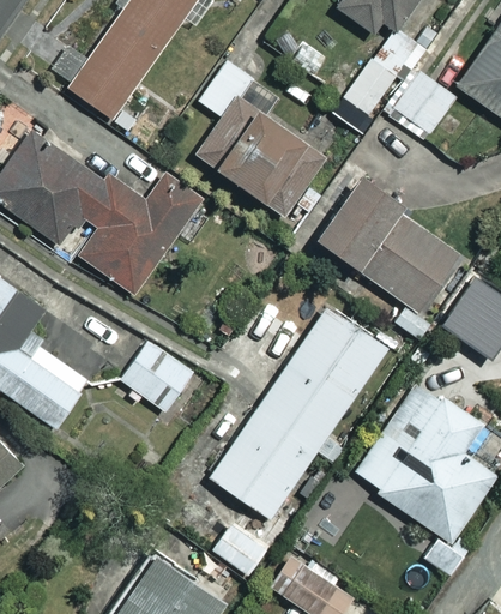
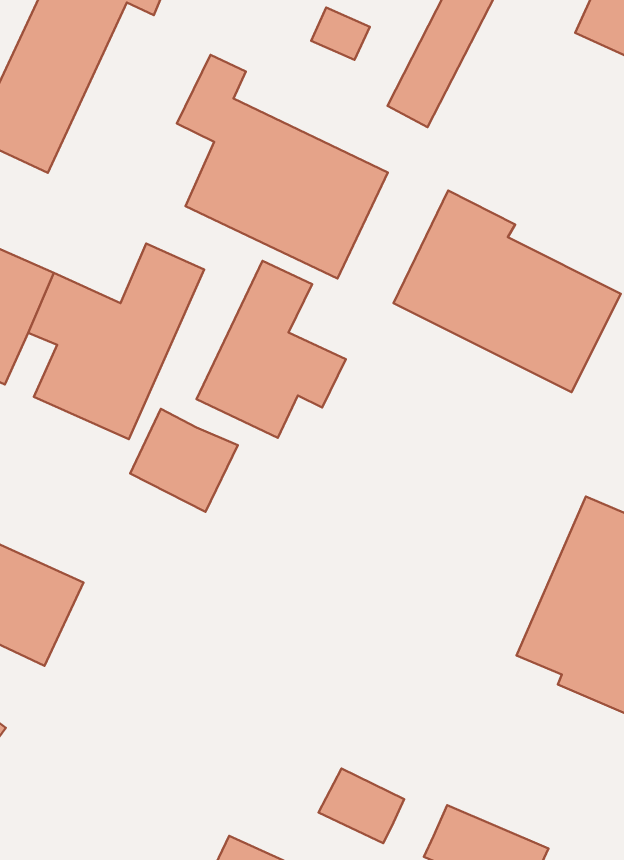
building: [385,70,457,142] -> none
building: none -> [196,261,346,438]
building: [210,306,387,518] -> none
building: [121,341,192,410] -> [130,409,238,512]

